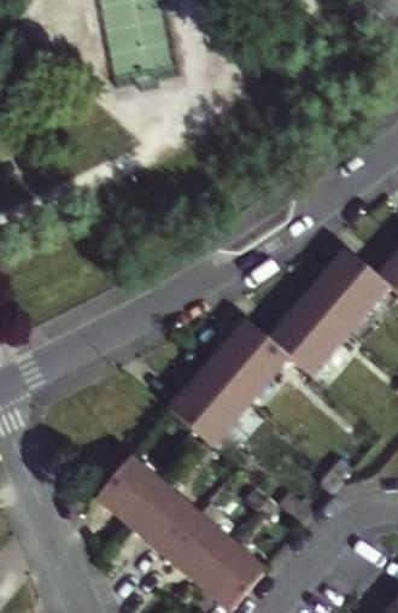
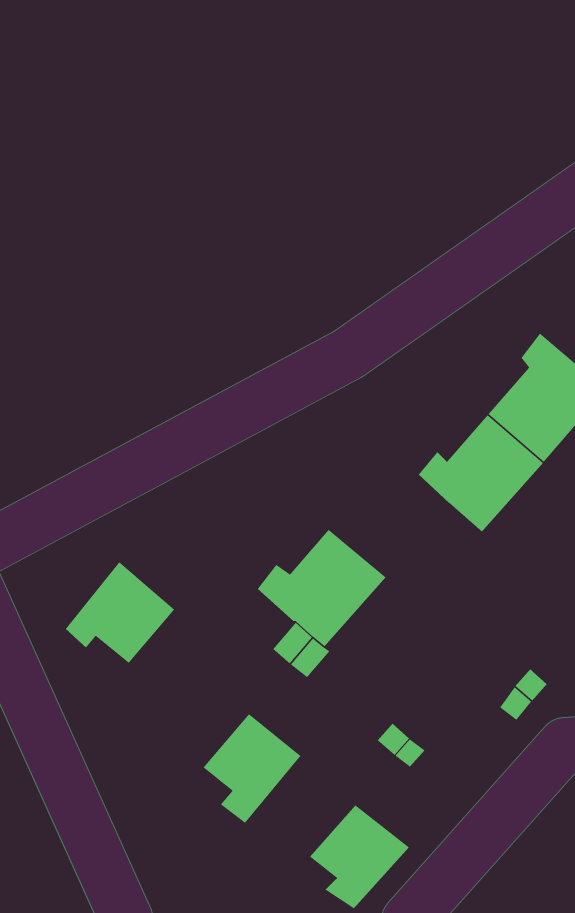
building: [215,320,289,401] -> none
building: [96,455,165,519] -> [65,561,175,664]
building: [163,497,239,574] -> none

